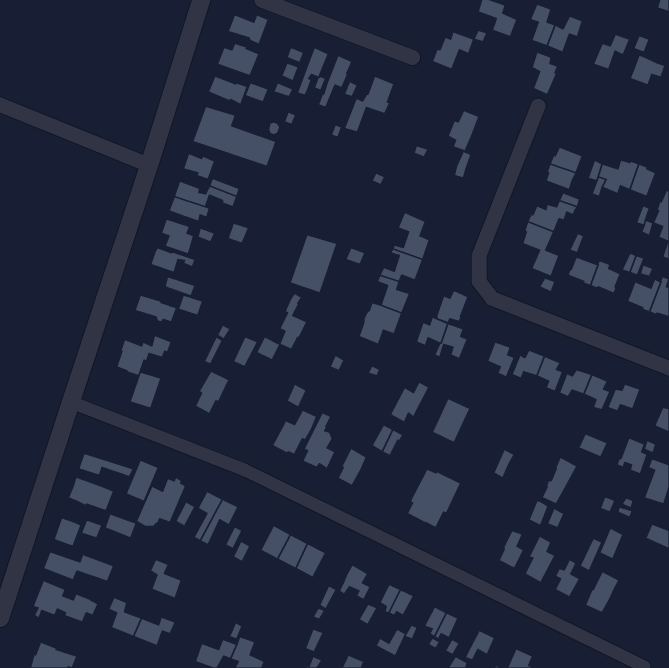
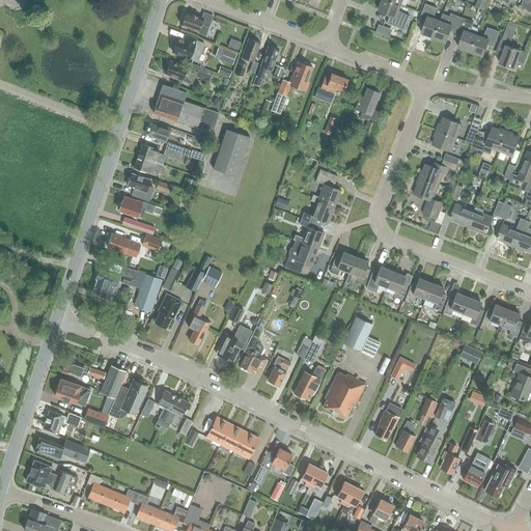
building: [432,31,474,69] -> [314,73,347,103]
building: [532,52,558,95] -> [457,17,478,51]
building: [290,234,337,293] -> [213,129,250,175]
building: [437,290,468,323] -> [367,266,392,291]
building: [280,293,307,349] -> [189,299,211,343]
building: [130,372,161,408] -> [137,274,162,303]
building: [390,382,429,422] -> [294,366,325,398]
building: [617,437,647,474] -> [498,308,522,337]
building: [542,457,577,504] -> [374,401,402,439]
building: [150,559,182,598] -> [135,493,160,524]
building: none -> [484,464,515,497]

